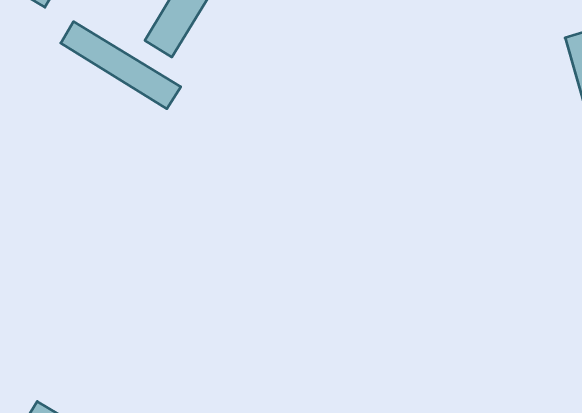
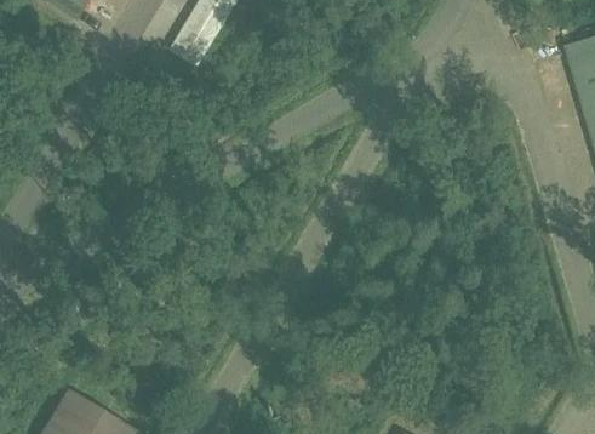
building: [61,22,181,109] -> none

